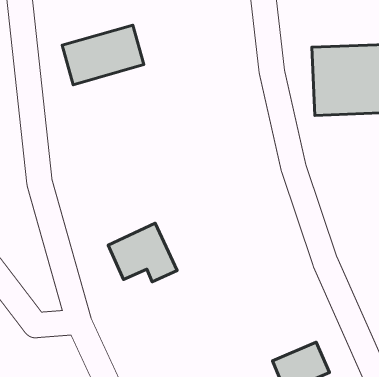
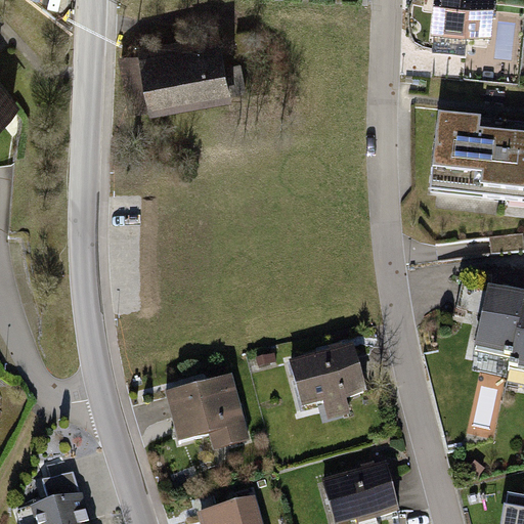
building: [108,223,177,282] -> [171,374,249,443]
building: none -> [300,356,369,413]

